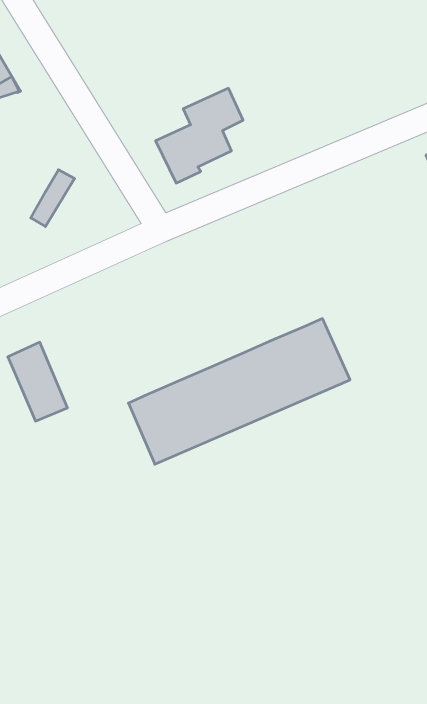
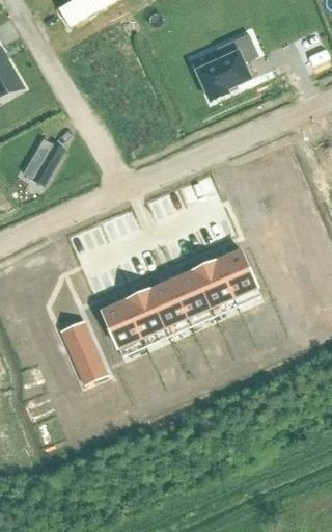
building: [156,88,243,183] -> [195,32,257,100]
building: [8,342,67,421] -> [63,327,106,383]

